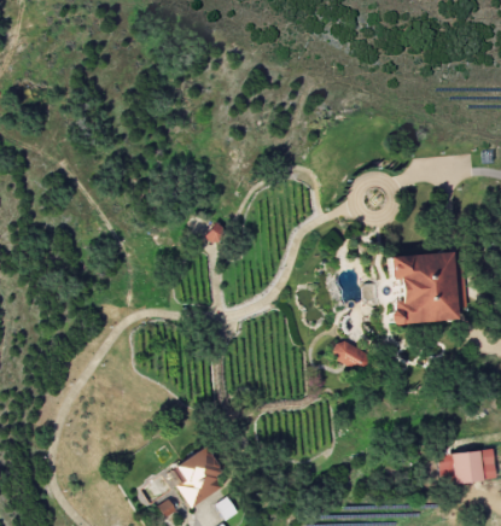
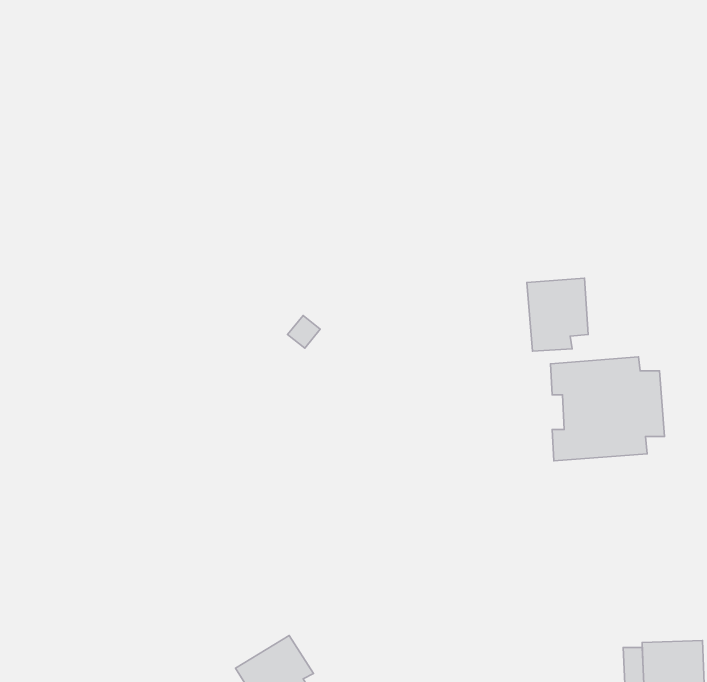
building: none -> [527,278,588,351]
building: [331,339,373,372] -> none

